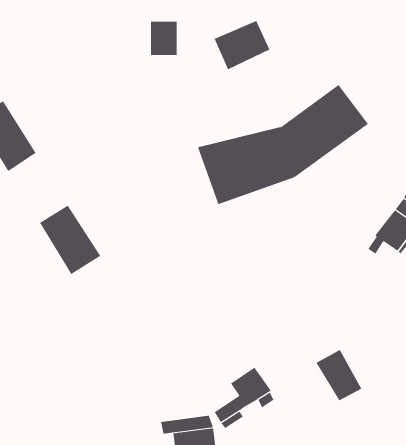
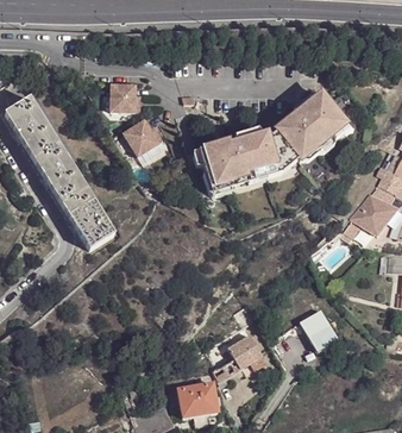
building: [214,20,270,70] -> none
building: [150,21,178,56] -> [114,81,138,111]
building: none -> [125,115,161,152]
building: none -> [36,146,88,207]

